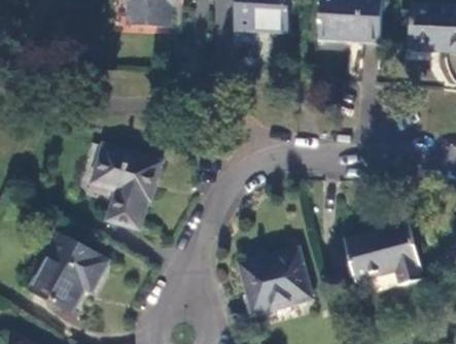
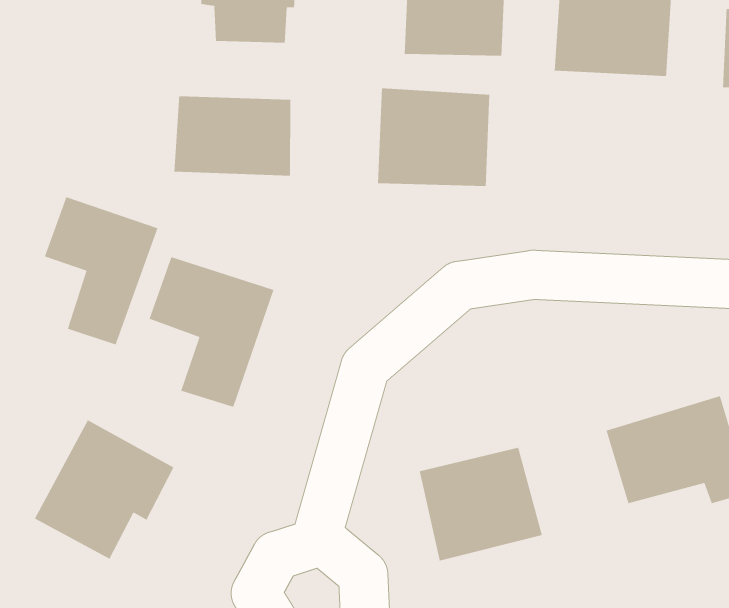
building: none -> [377,87,490,187]
building: none -> [173,96,291,177]
building: none -> [44,196,158,346]

